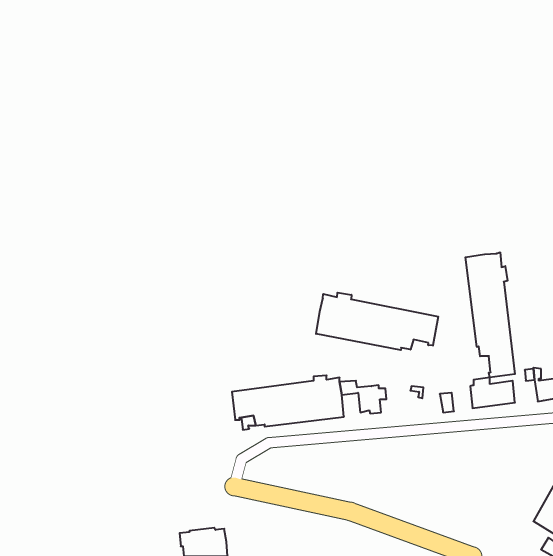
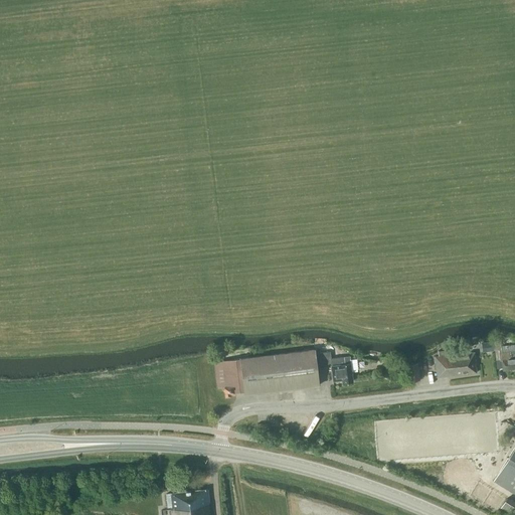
building: [465,252,515,378] -> none
building: [316,293,438,350] -> none

